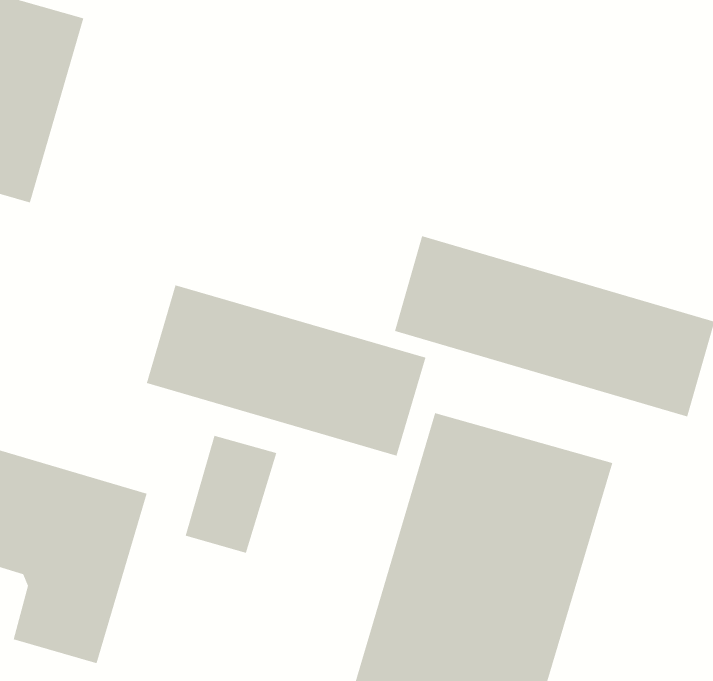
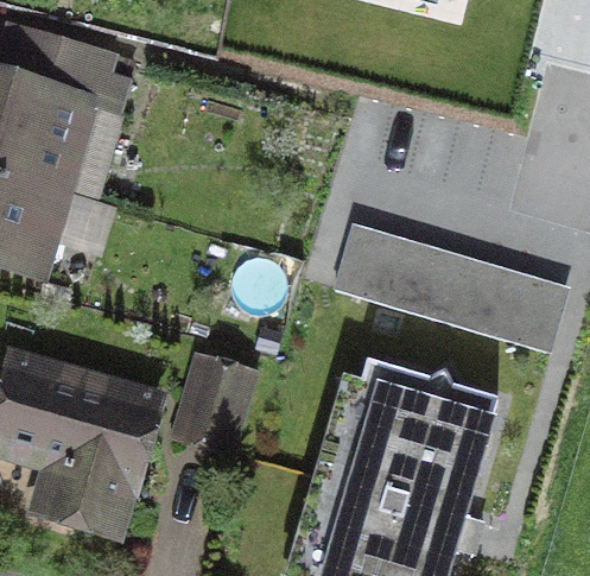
building: [146,284,426,456] -> none

